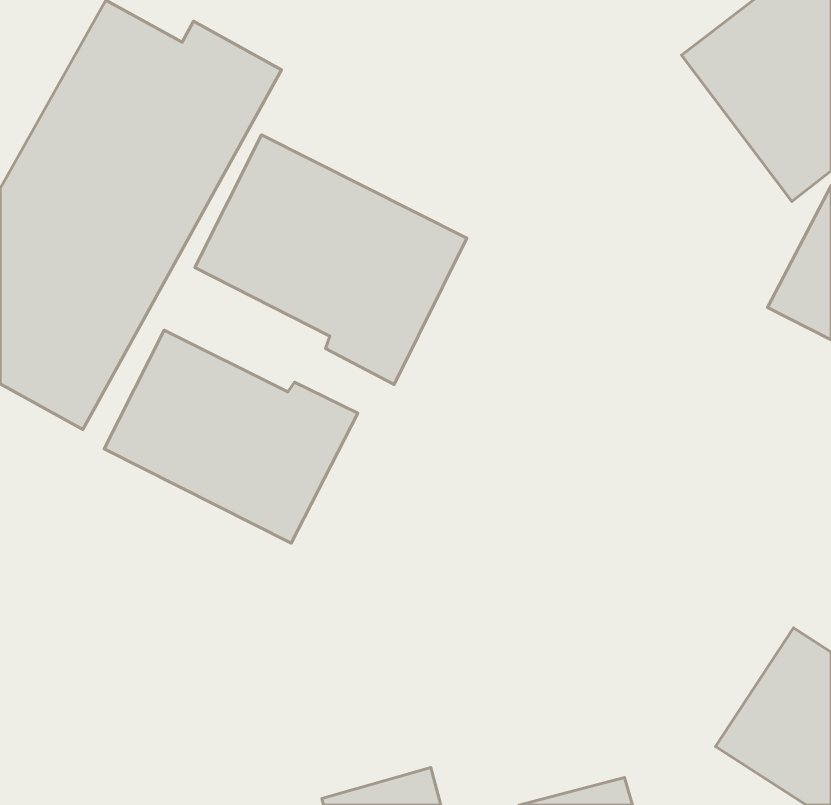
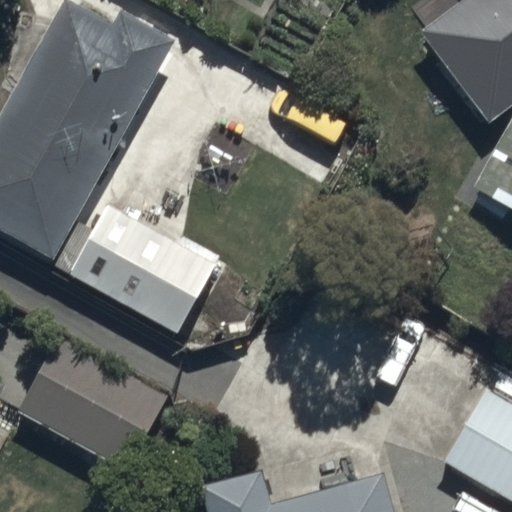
building: [195,135,467,384] -> none
building: none -> [15,334,170,471]

